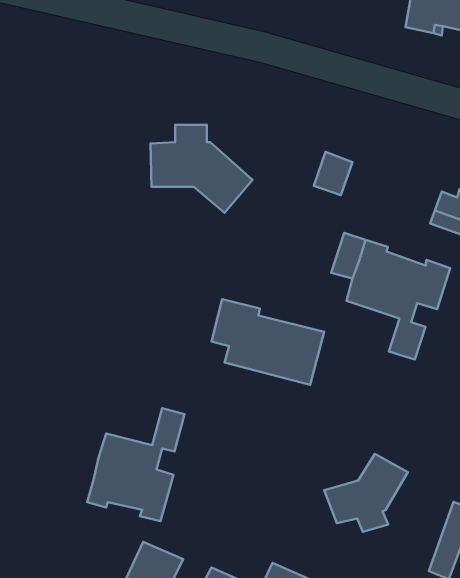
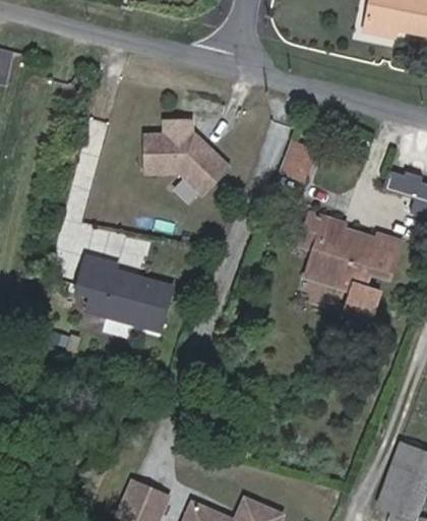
building: [211,299,324,385] -> [76,256,174,331]
building: [87,408,185,521] -> none
building: [324,454,408,532] -> none

